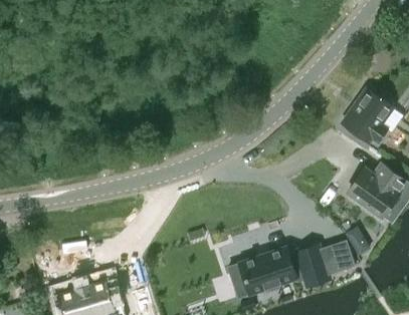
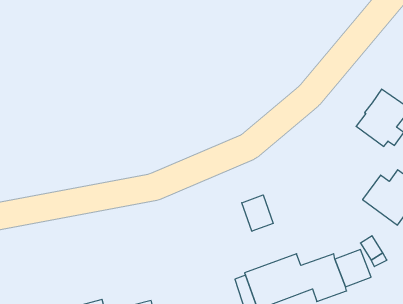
building: none -> [242,195,273,231]

